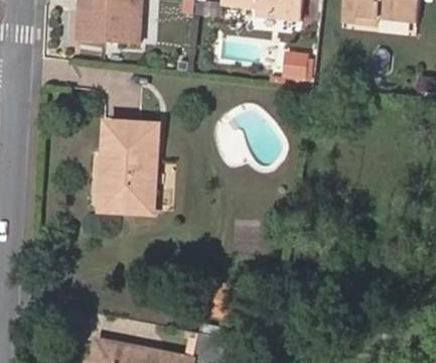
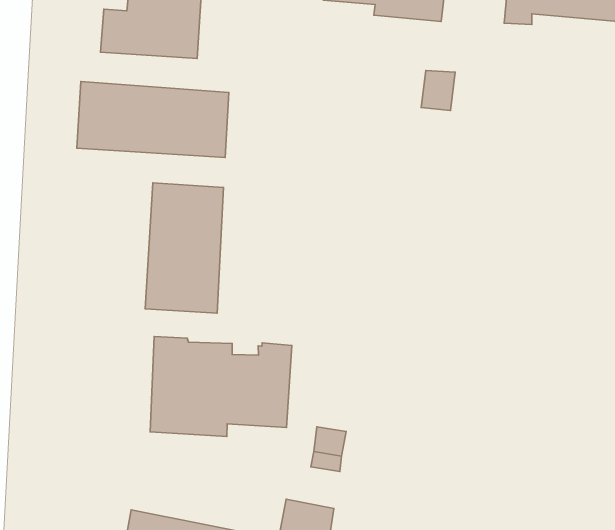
building: none -> [77,82,229,158]
building: none -> [150,337,292,437]

